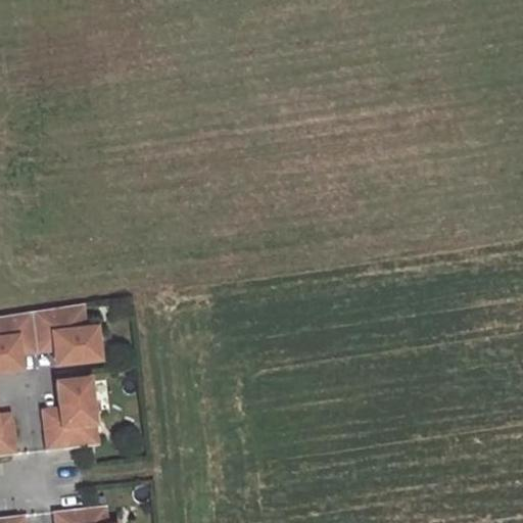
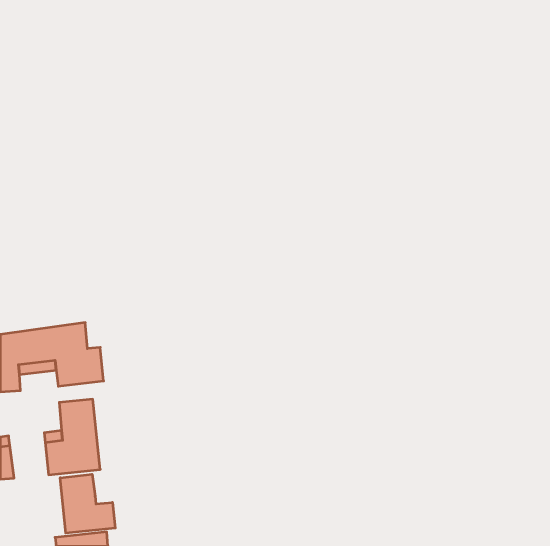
building: none -> [60,474,115,533]

